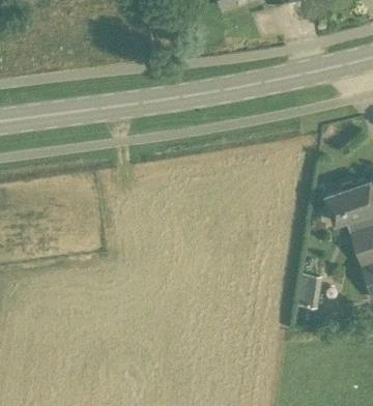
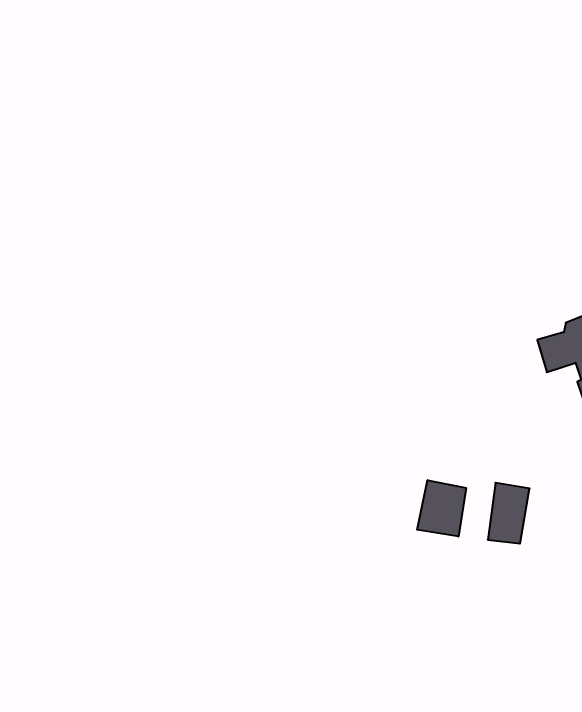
building: none -> [417,480,466,537]

